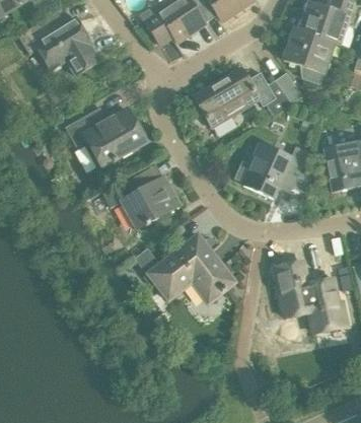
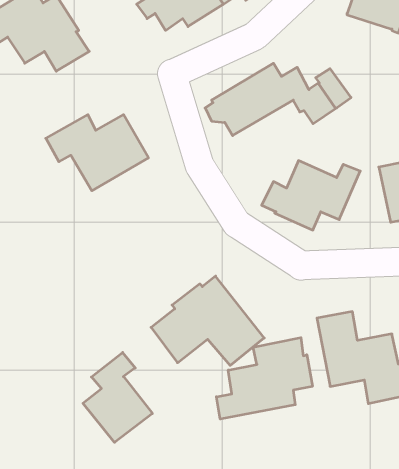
building: [283,28,334,83] -> none
building: [103,172,181,229] -> none
building: none -> [216,338,312,419]
building: none -> [83,352,152,442]

